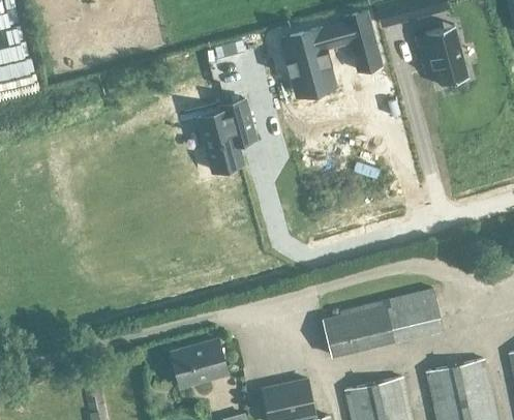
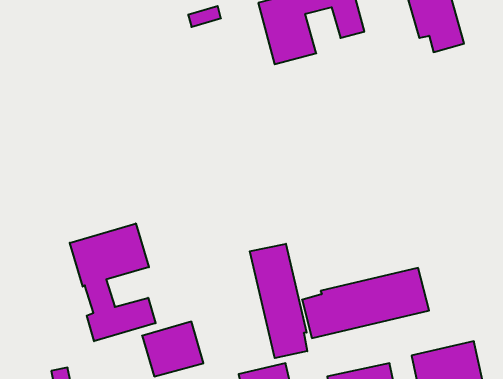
building: [195,97,258,172] -> none
building: none -> [70,223,156,341]
building: none -> [250,244,307,358]

